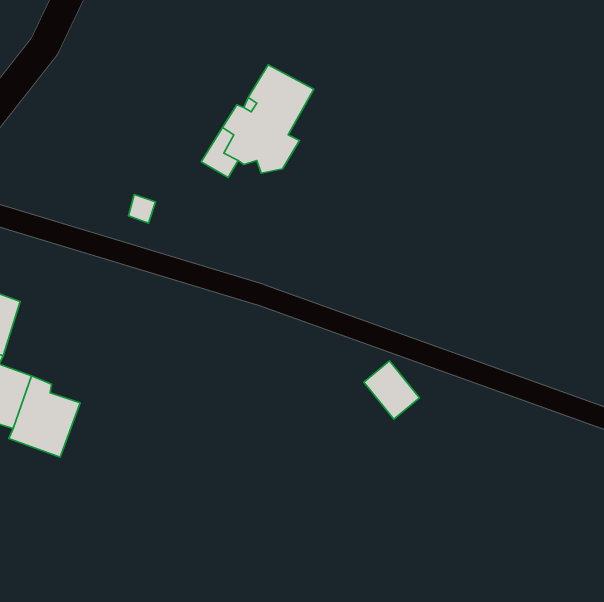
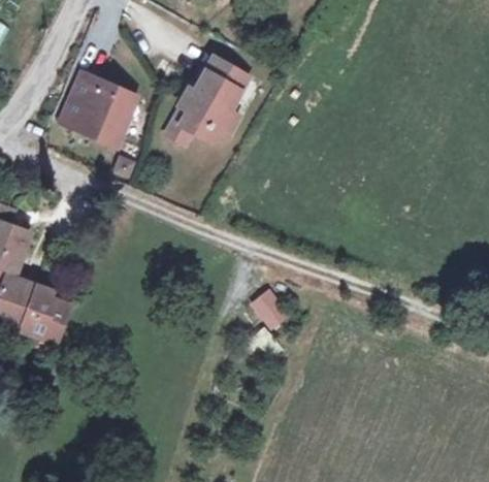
building: none -> [65,77,132,140]
building: [364,361,419,419] -> [248,290,288,332]

